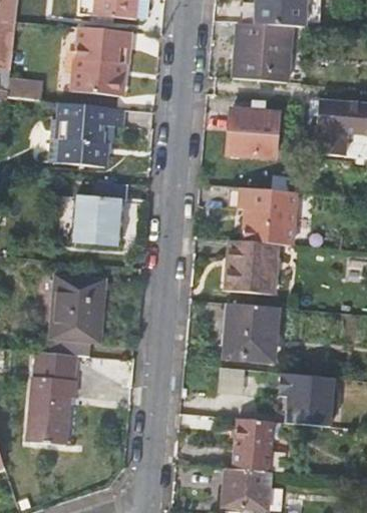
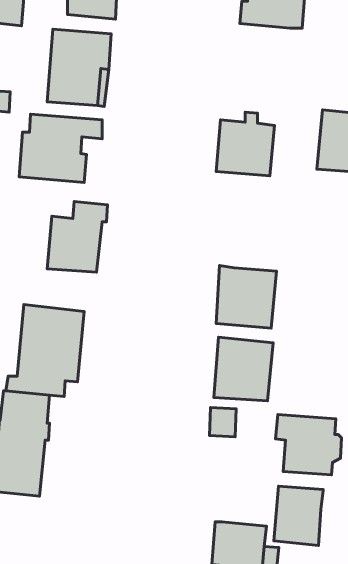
building: [233,22,292,82] -> none
building: [227,185,296,244] -> none
building: [231,419,275,472] -> [274,486,323,545]

